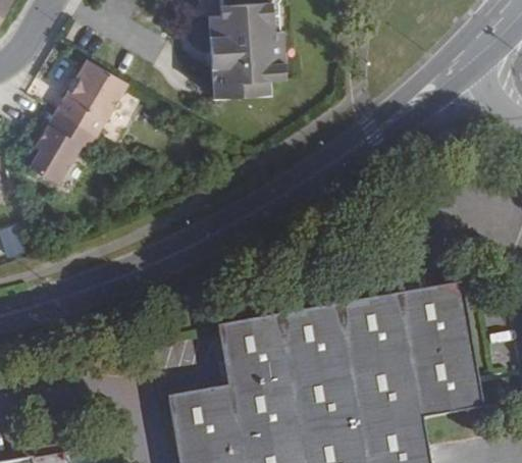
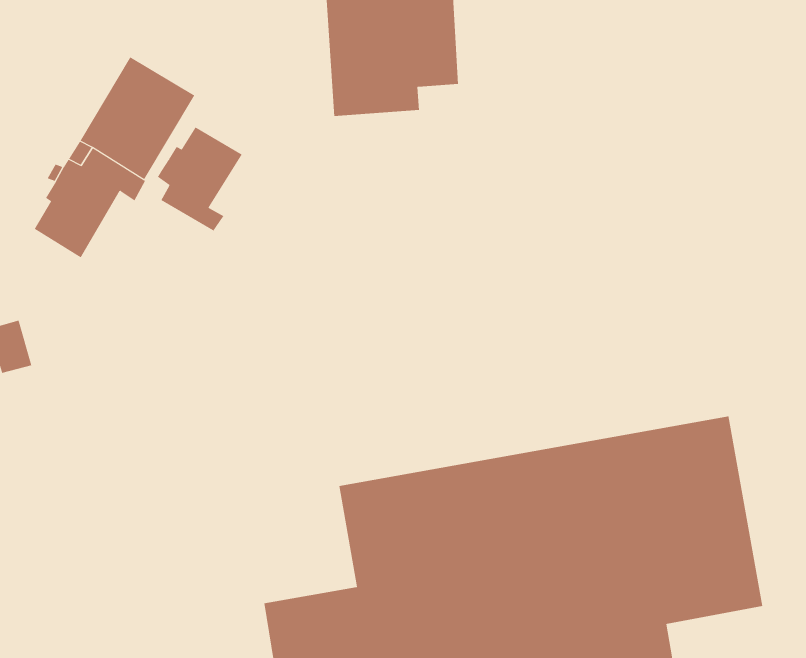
building: none -> [157,127,242,232]

